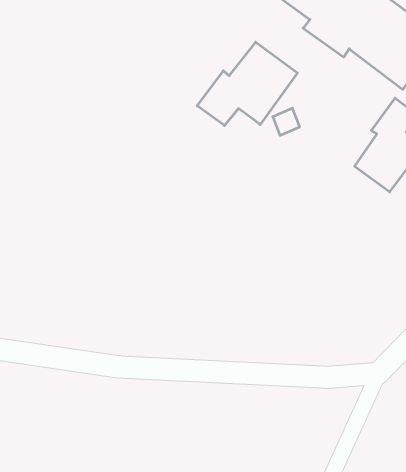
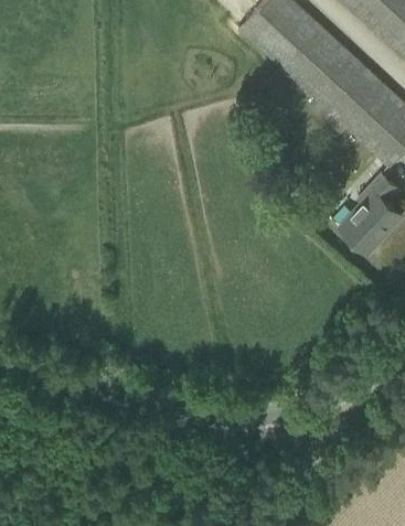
building: [197,42,297,126] -> none

